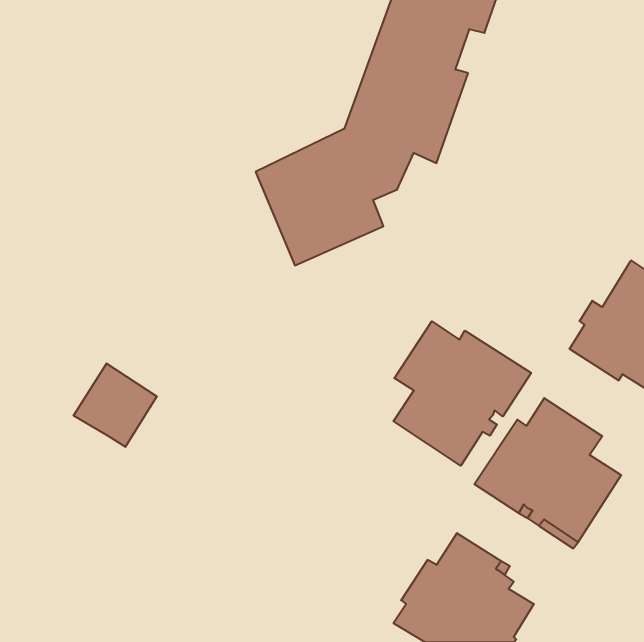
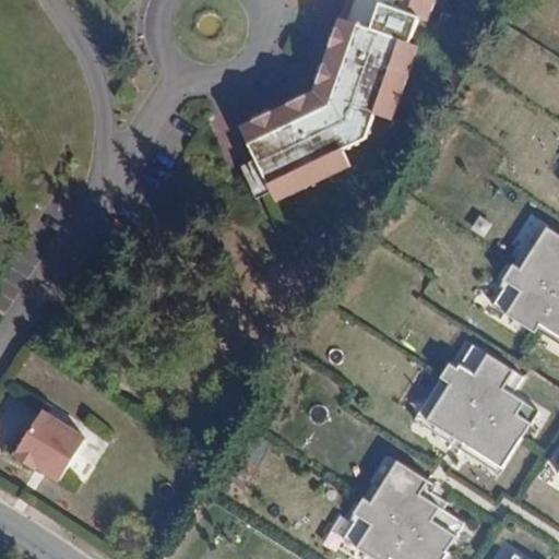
building: [394,321,531,466] -> none
building: [73,364,157,447] -> [14,406,86,478]

